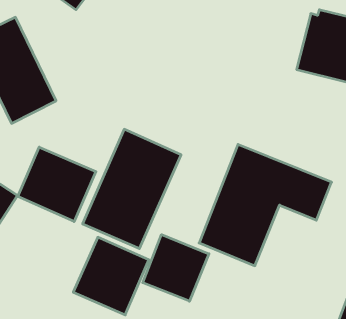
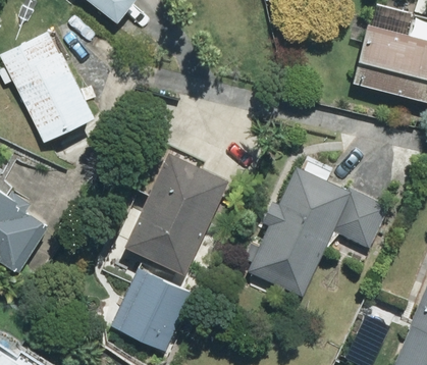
building: [18,147,96,222] -> none
building: [143,235,209,301] -> none

